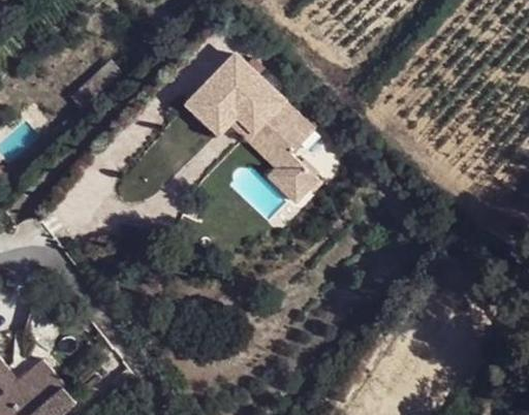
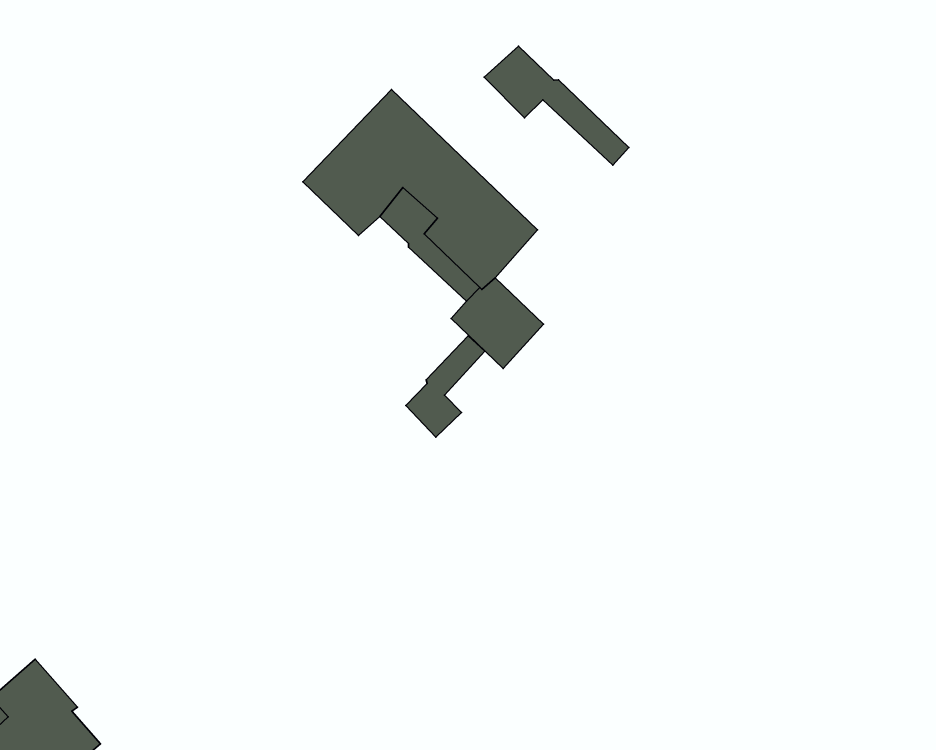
building: none -> [484,46,629,165]
building: none -> [406,336,485,437]

